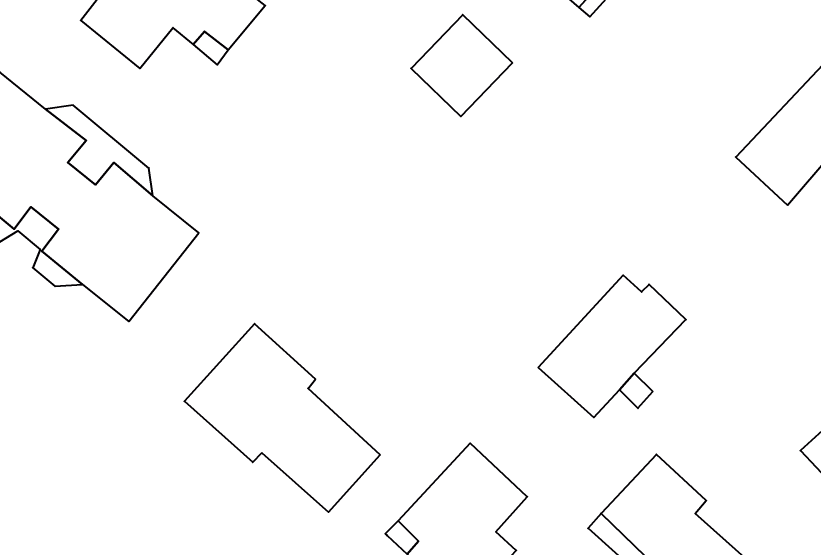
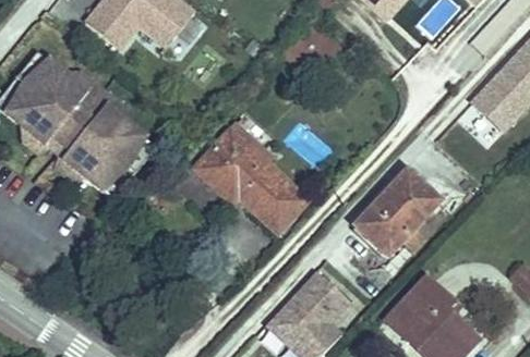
building: [184,324,380,512] -> [193,121,309,232]

